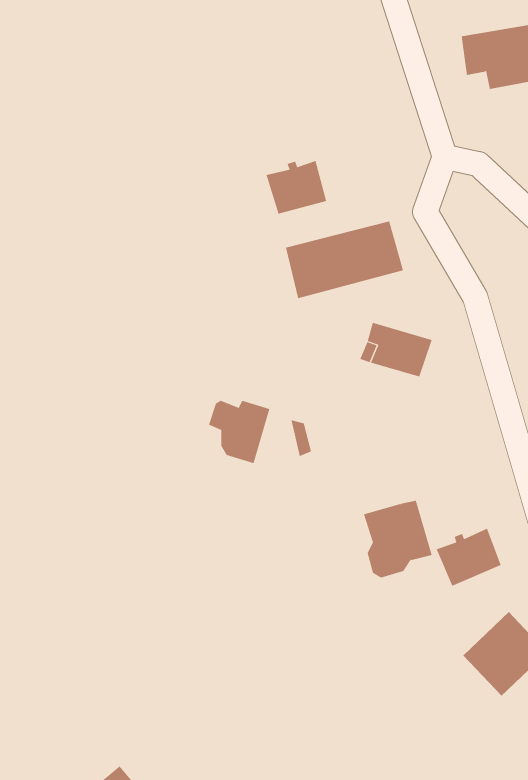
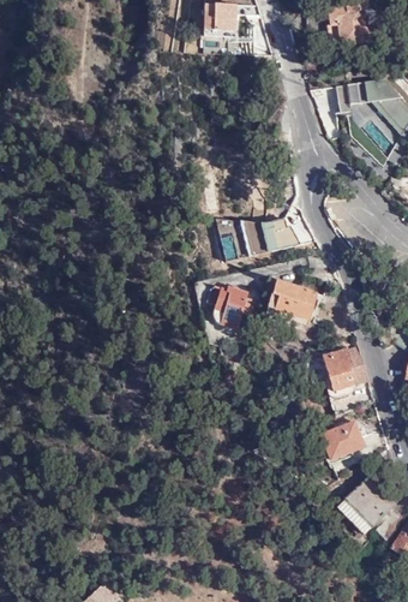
building: [266,160,327,215] -> none
building: [208,400,270,464] -> [206,286,248,329]
building: [363,500,432,578] -> [323,345,370,398]

